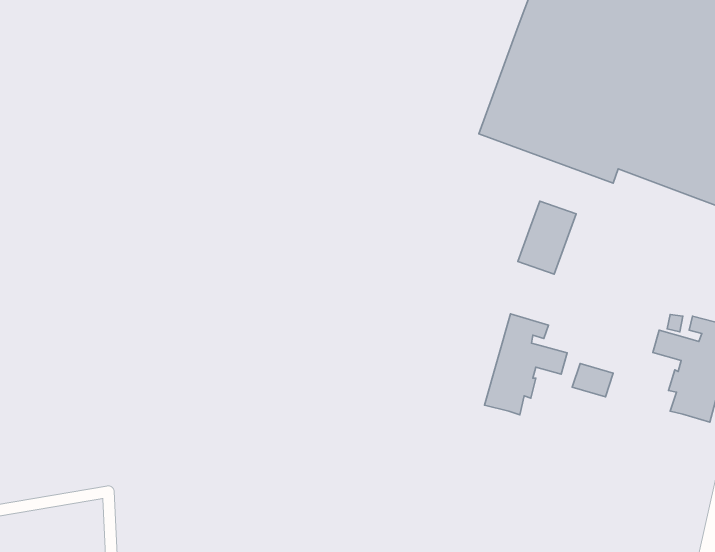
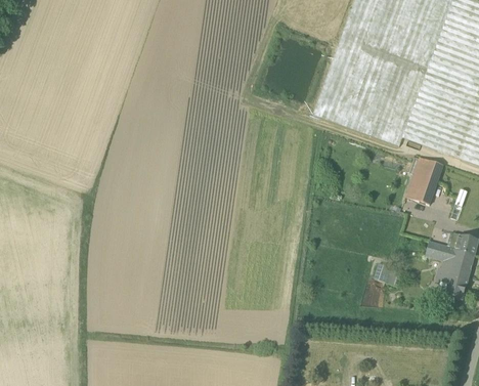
building: [518,201,576,274] -> [405,157,443,204]
building: [484,314,567,415] -> none

